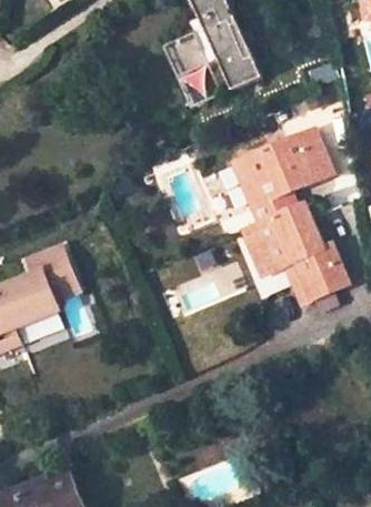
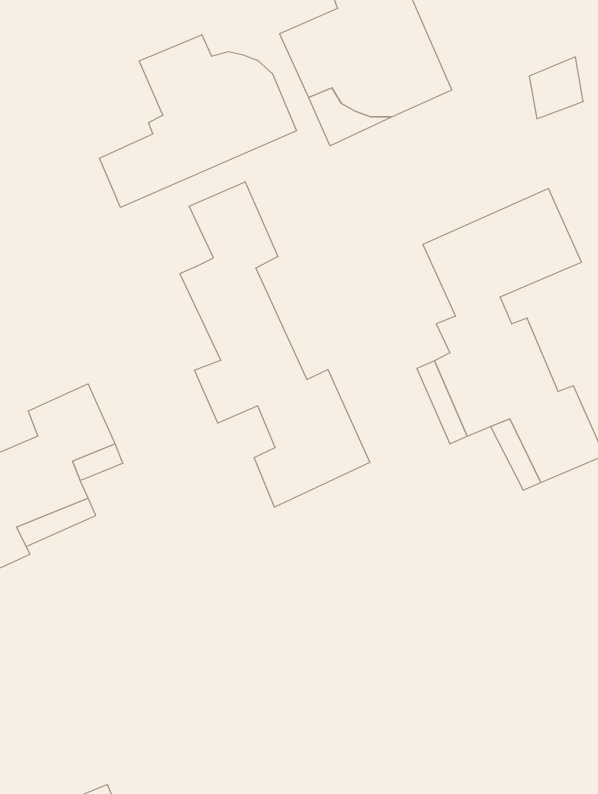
building: none -> [100,35,296,207]
building: none -> [180,182,370,507]

